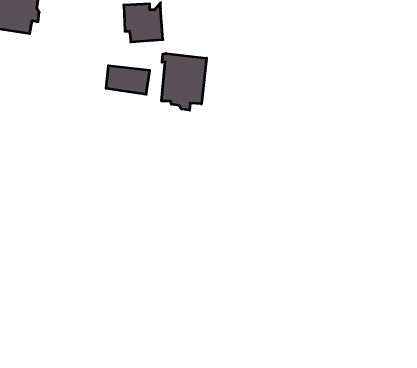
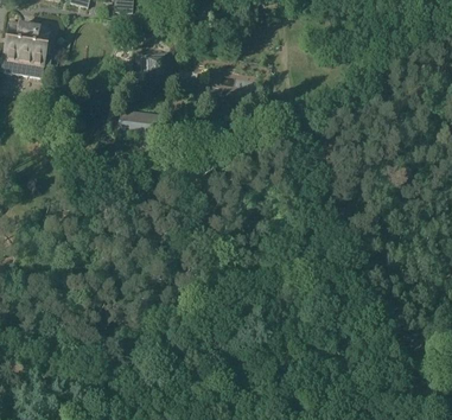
building: [162,53,207,110] -> none

